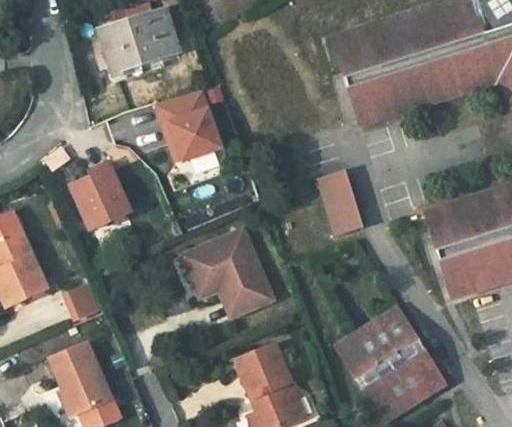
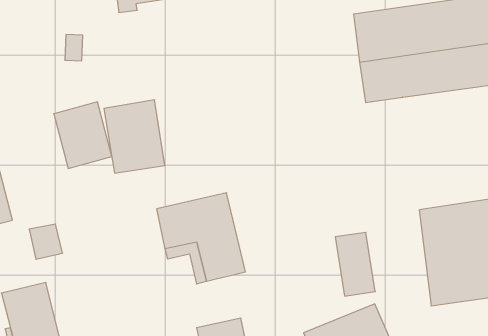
building: [156,92,222,167] -> [104,100,165,173]
building: [317,170,363,233] -> [335,232,375,296]

